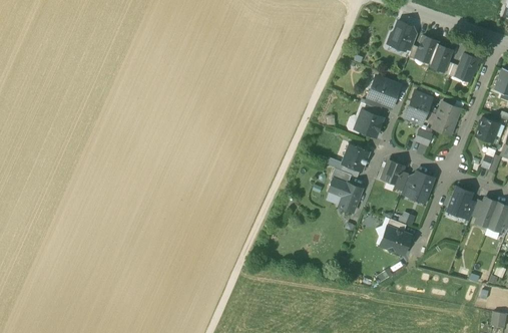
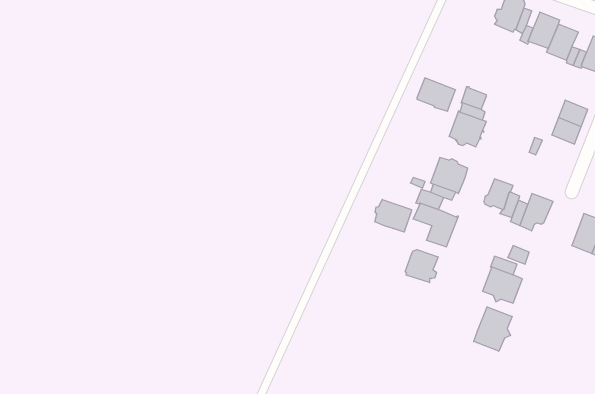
building: [371,76,400,101] -> [417,78,456,111]
building: [405,91,432,123] -> none
building: none -> [375,199,412,232]
building: none -> [405,250,438,283]
building: none -> [474,307,512,351]

